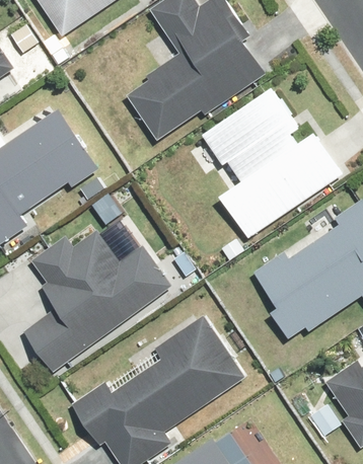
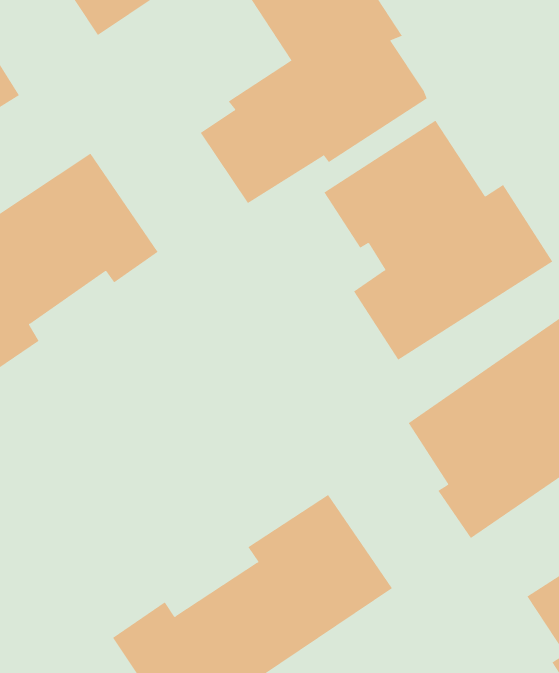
building: [22,228,173,372] -> none

